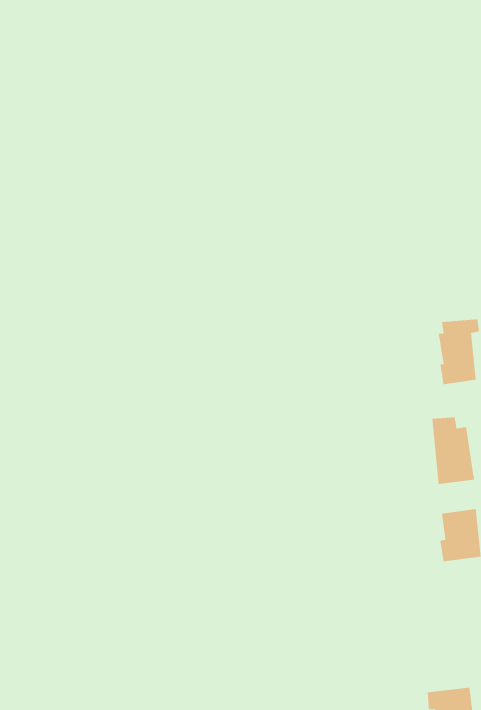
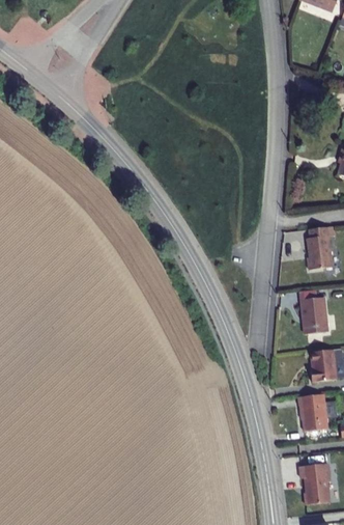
building: none -> [296,394,326,433]

